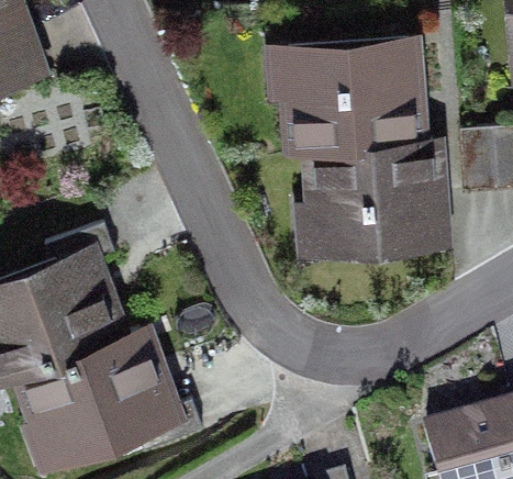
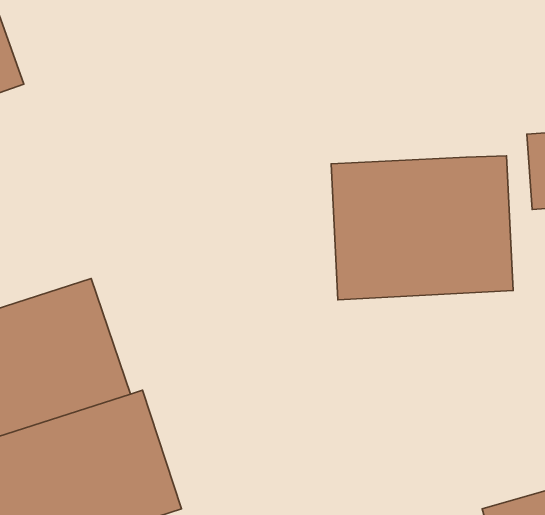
building: [264,44,412,148] -> none

